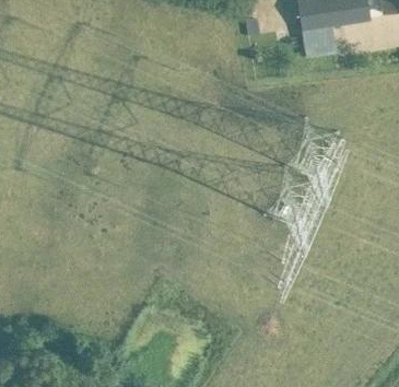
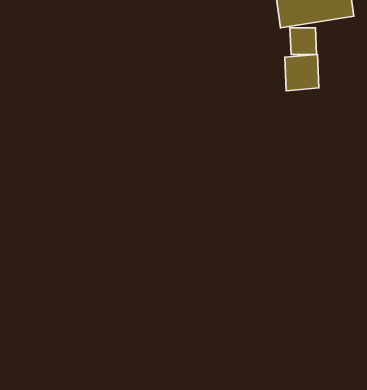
building: none -> [285,54,319,91]

